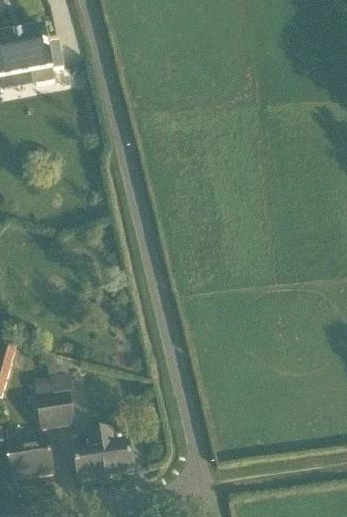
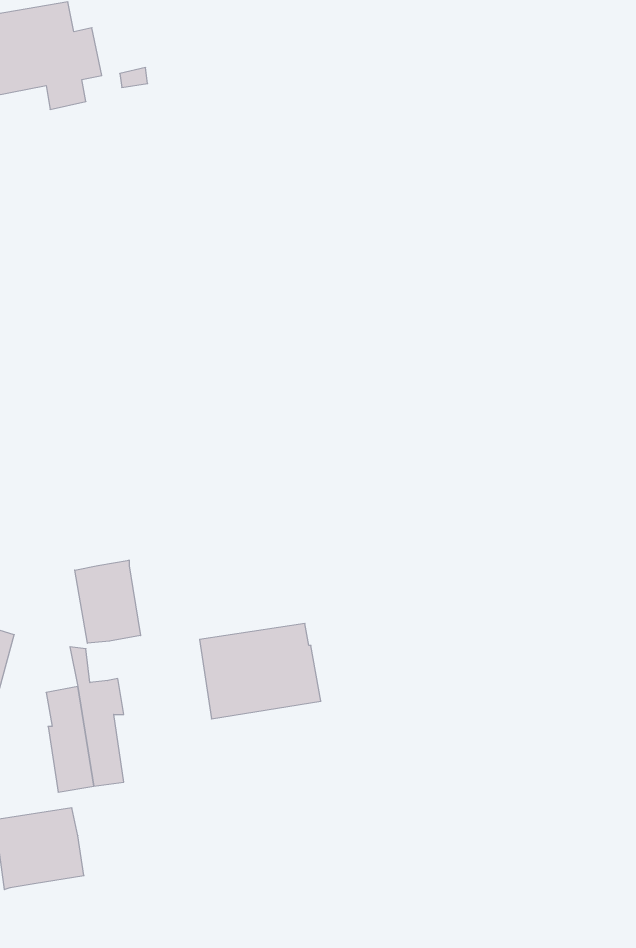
building: none -> [75,560,141,643]
building: [70,429,131,478] -> [200,623,321,719]

